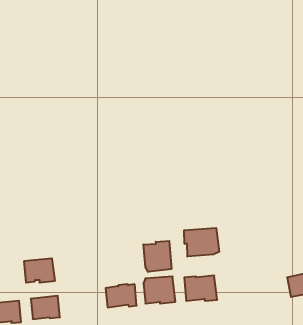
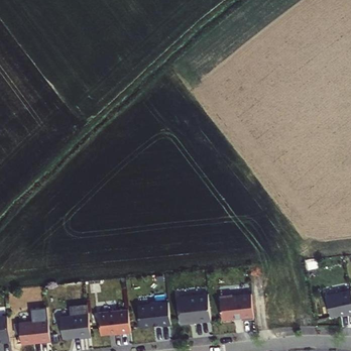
building: [184,228,219,257] -> none
building: [143,241,171,272] -> none
building: [24,258,55,283] -> [97,309,129,334]

